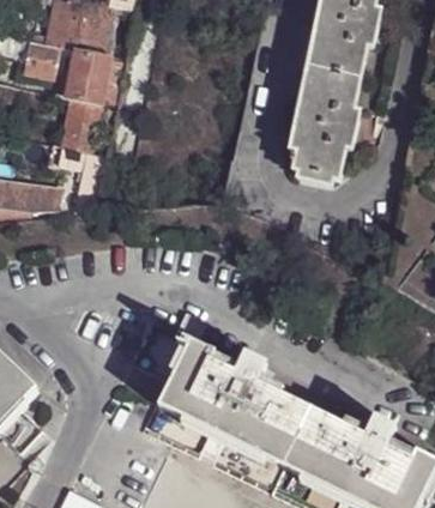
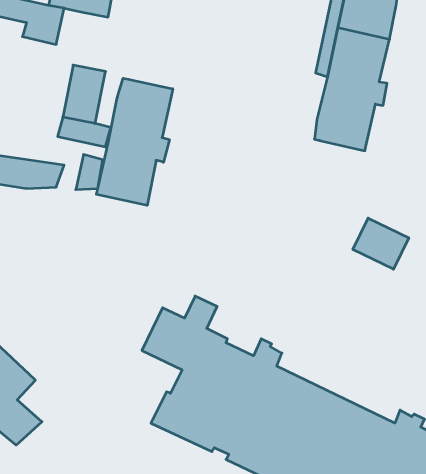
building: [67,47,111,102] -> none
building: none -> [96,78,173,205]
building: none -> [353,218,409,269]

